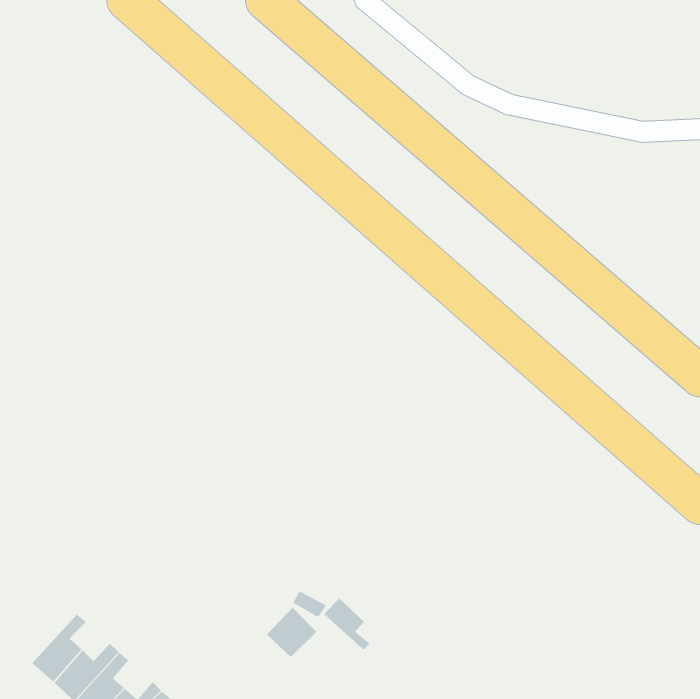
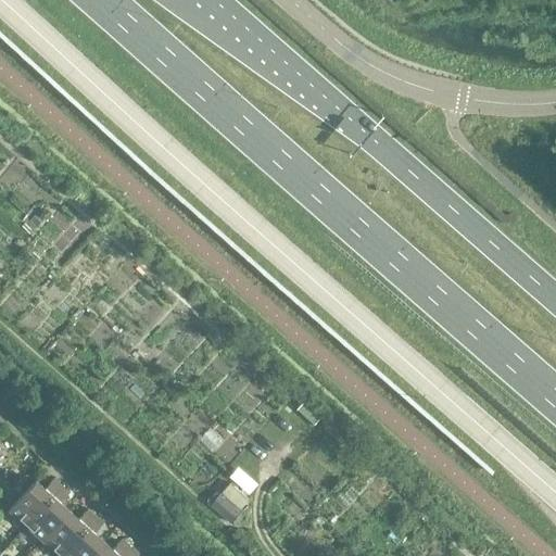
building: [324,598,370,650] -> none
building: none -> [8,480,61,527]

